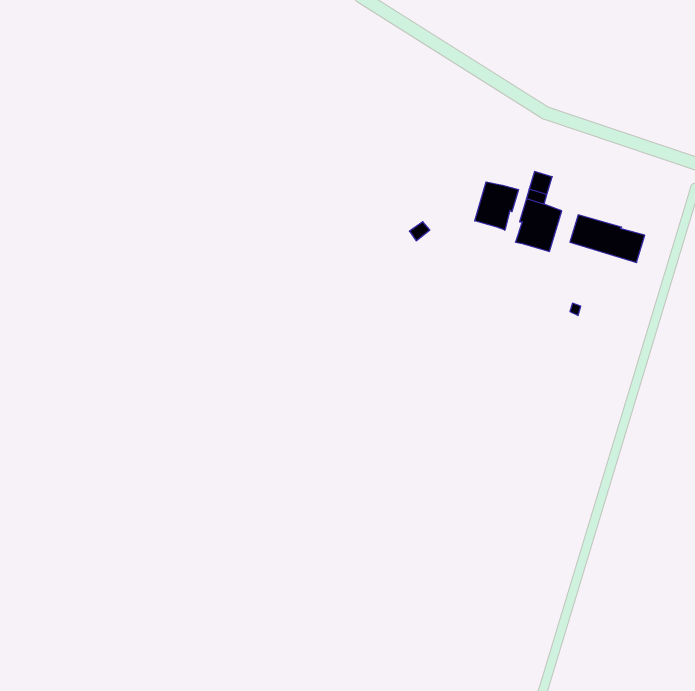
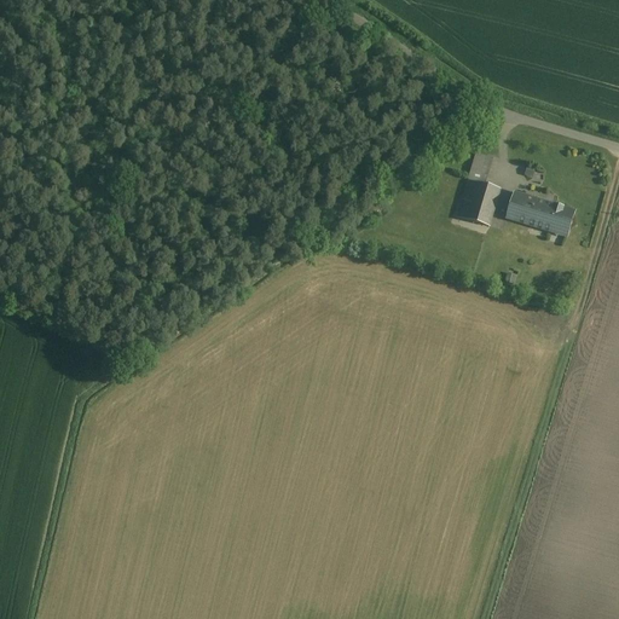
building: [475,182,518,230] -> none

